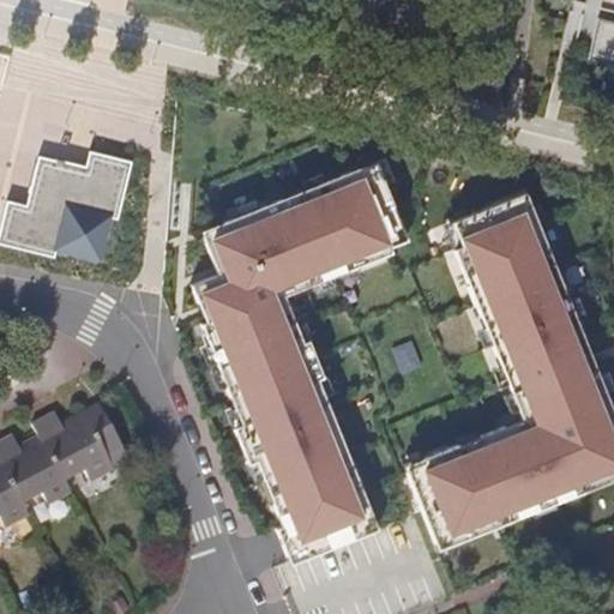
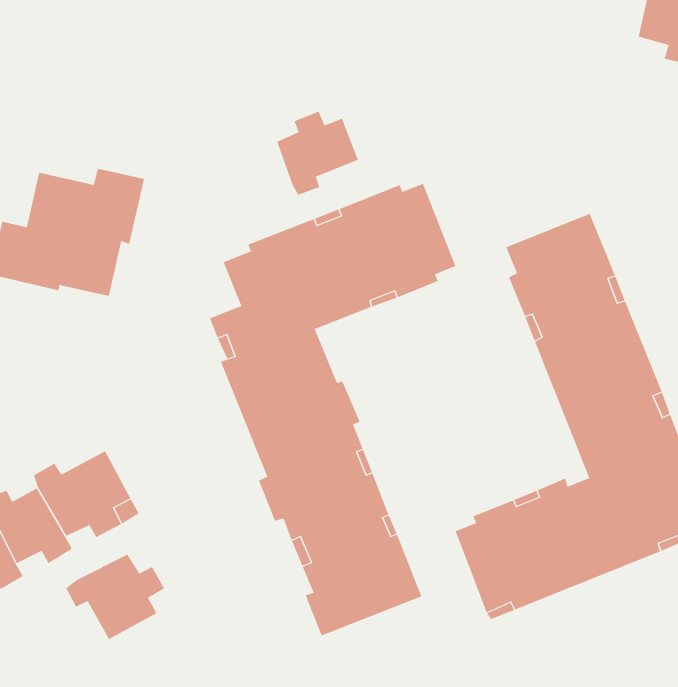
building: none -> [277,111,359,195]
building: none -> [66,554,165,640]

